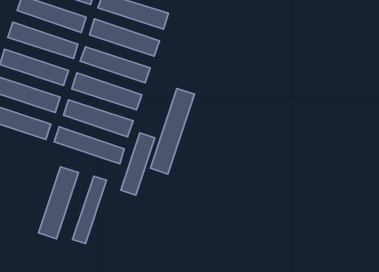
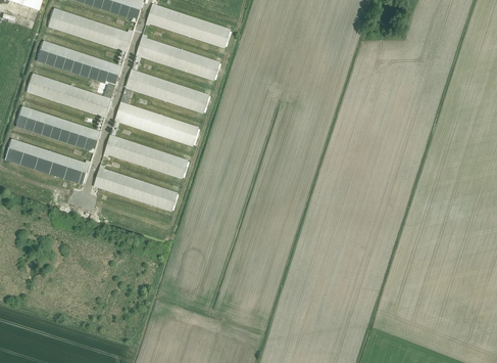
building: [150,88,194,174] -> none
building: [121,133,155,195] -> none
building: [38,167,78,239] -> none
building: [73,176,106,244] -> none

